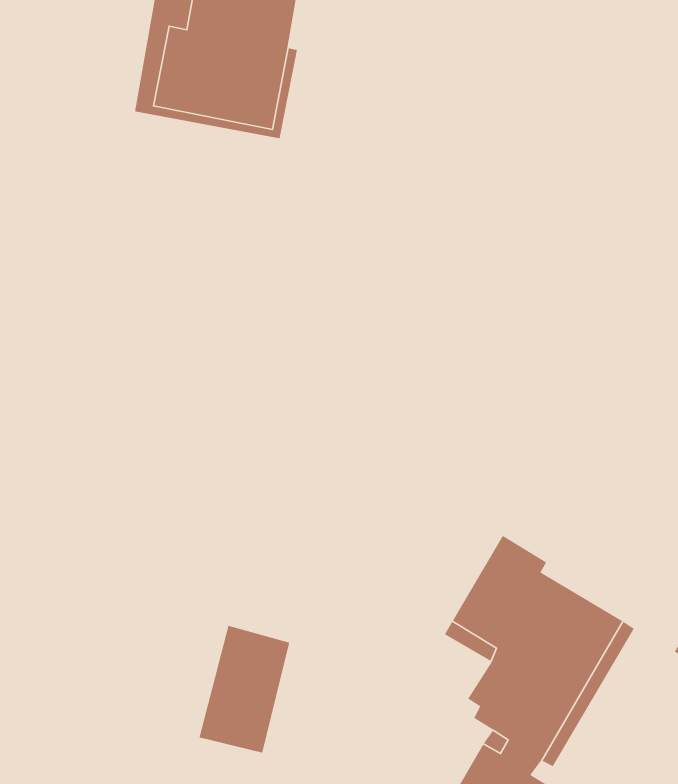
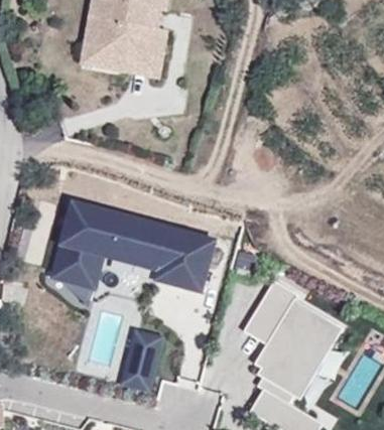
building: none -> [52,202,214,290]

